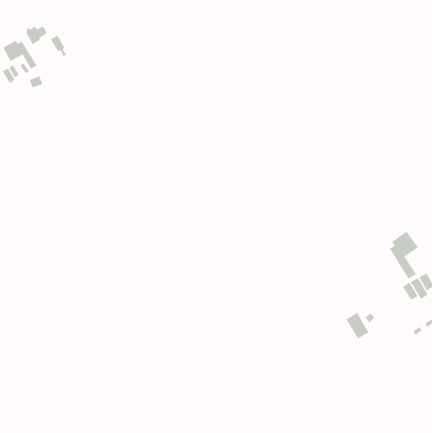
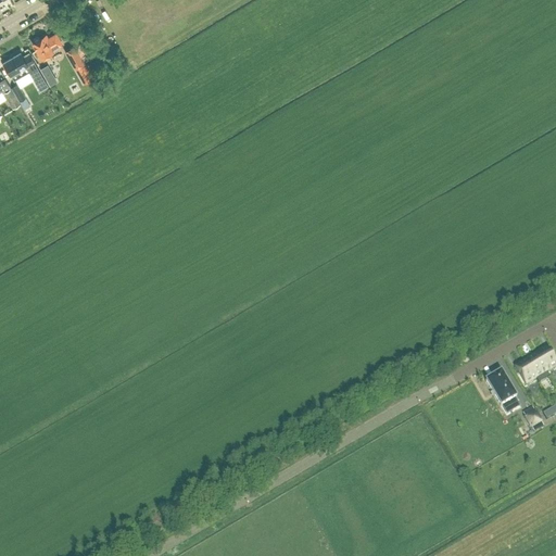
building: [389,231,419,280] -> none
building: [346,312,369,339] -> [488,372,518,407]

